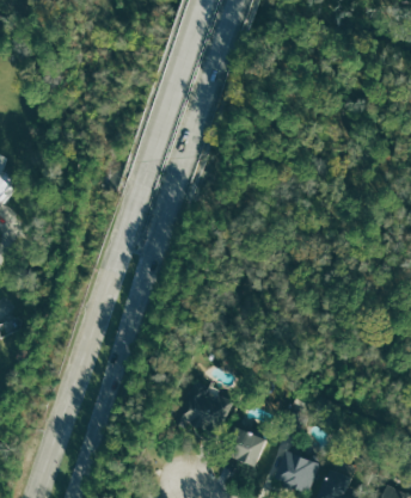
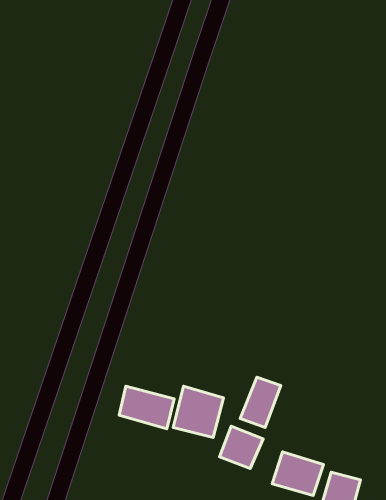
building: none -> [240,377,281,428]
building: none -> [119,386,174,429]

